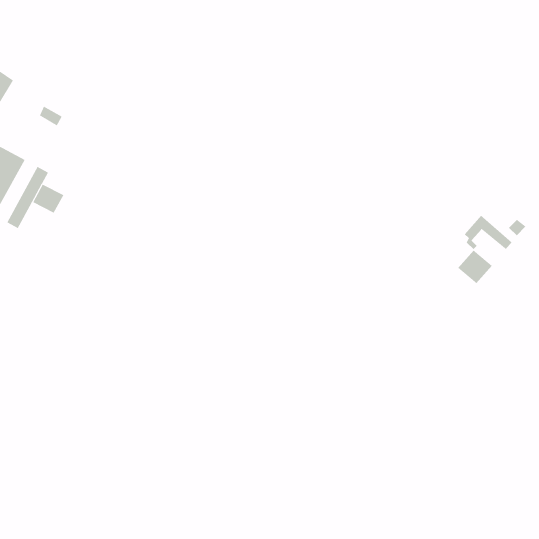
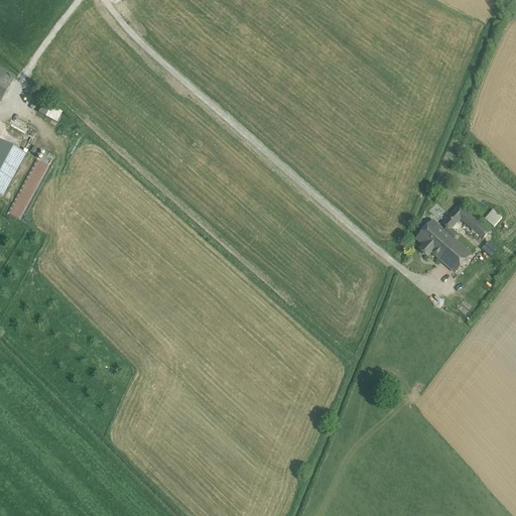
building: [32,184,64,214] -> none
building: none -> [416,221,450,255]

